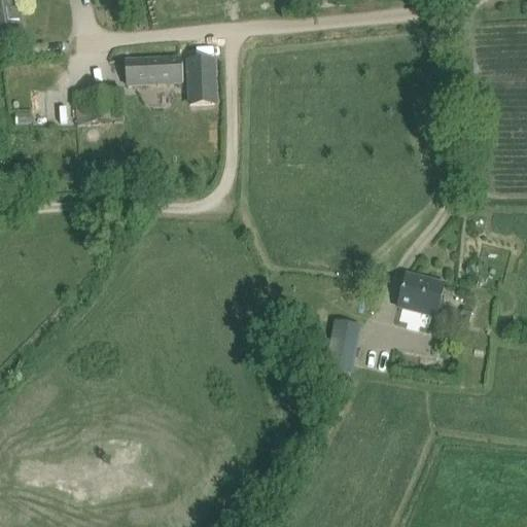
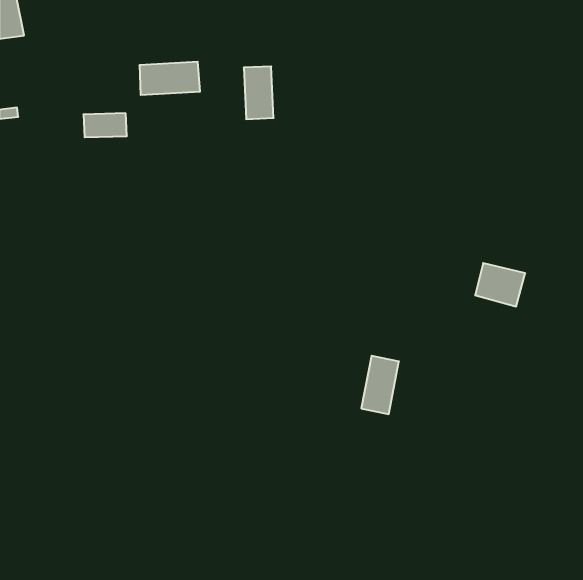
building: [186,43,213,91] -> [244,66,274,119]
building: [397,275,443,314] -> [475,263,525,306]

